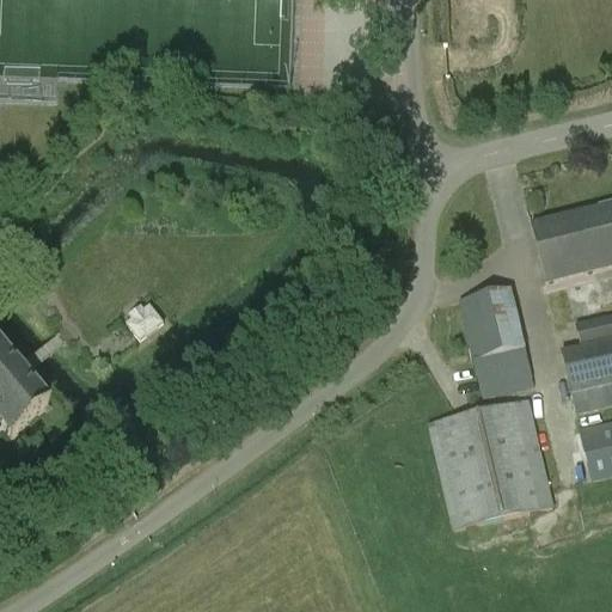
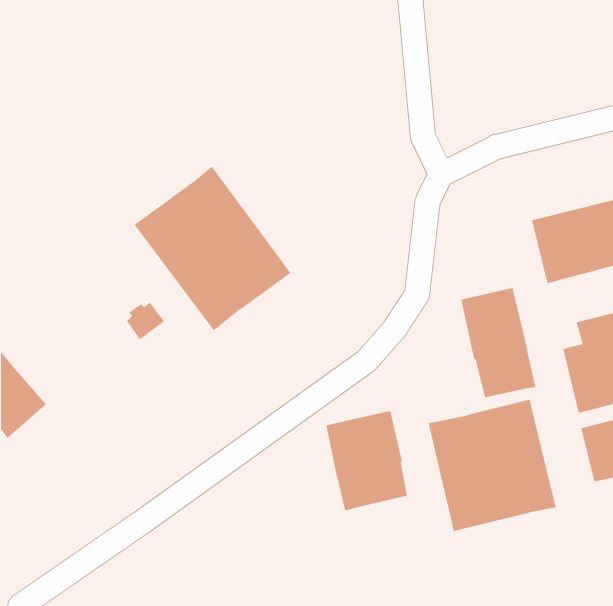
building: none -> [134,166,291,331]
building: none -> [326,410,408,511]

